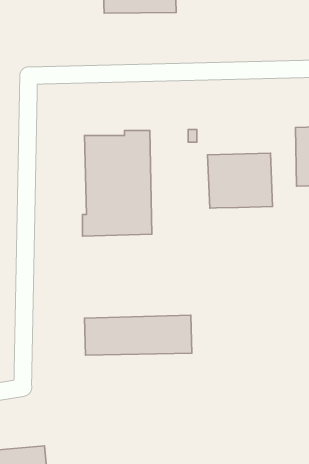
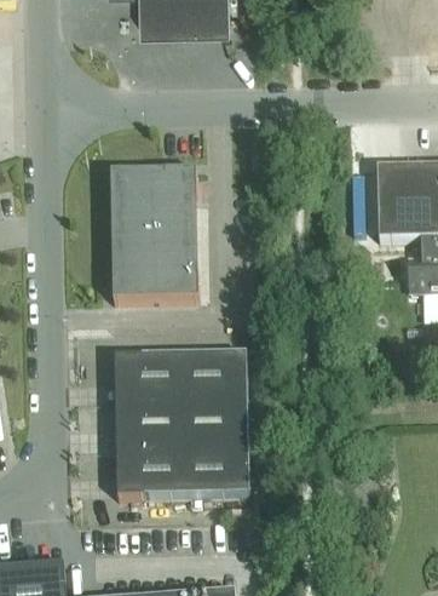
building: [208,153,272,208] -> none
building: none -> [114,355,247,405]
building: none -> [116,448,249,498]

